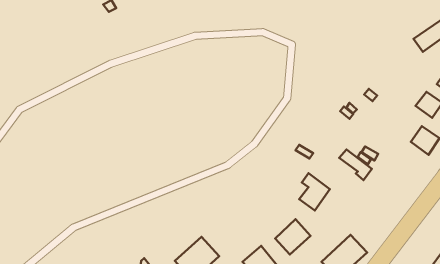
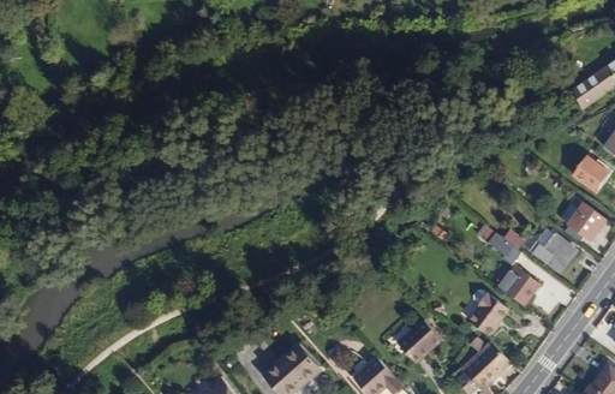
building: none -> [529,225,578,271]
building: [299,173,330,210] -> [467,289,507,338]
building: none -> [495,267,537,305]

